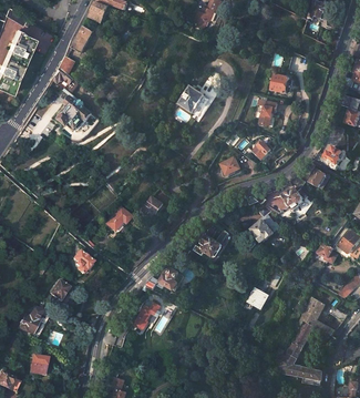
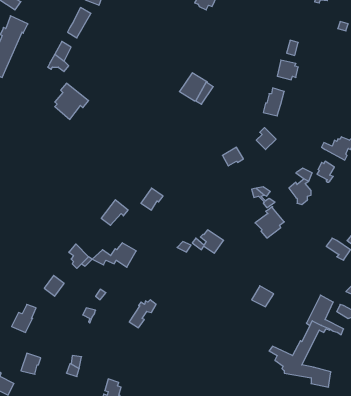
building: [143,268,185,292] -> [92,243,136,267]

